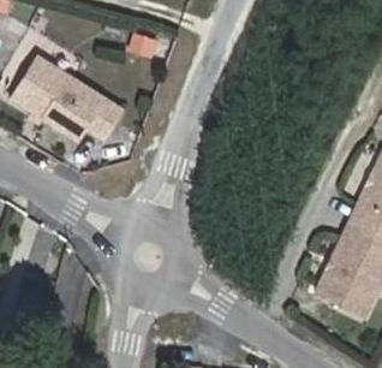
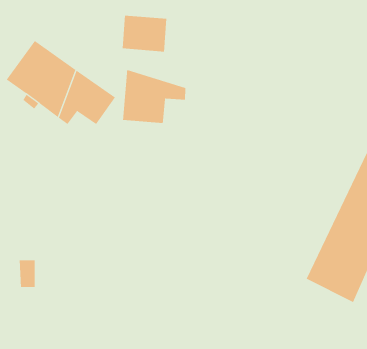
building: none -> [122,69,186,124]

